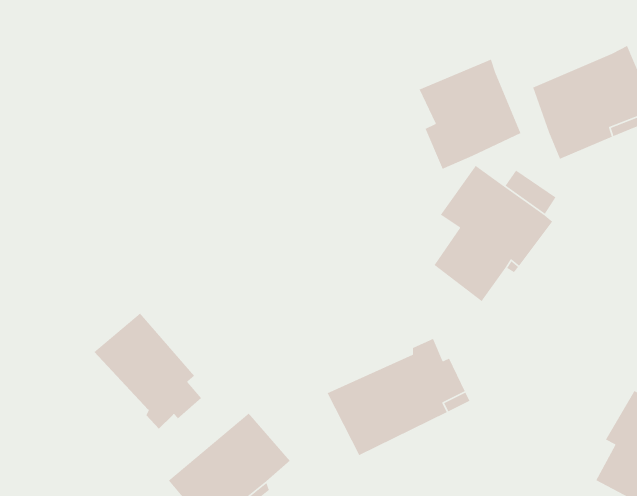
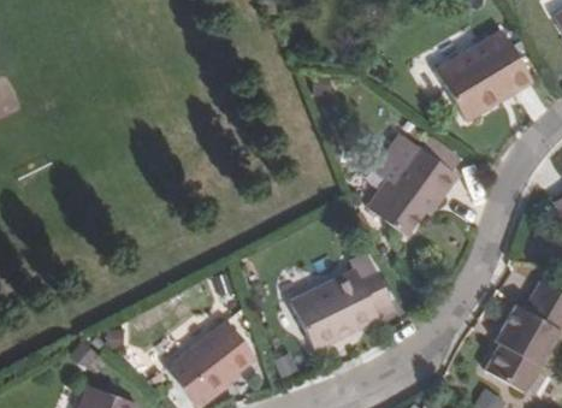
building: [419,58,522,170] -> none
building: [94,313,202,430] -> none

